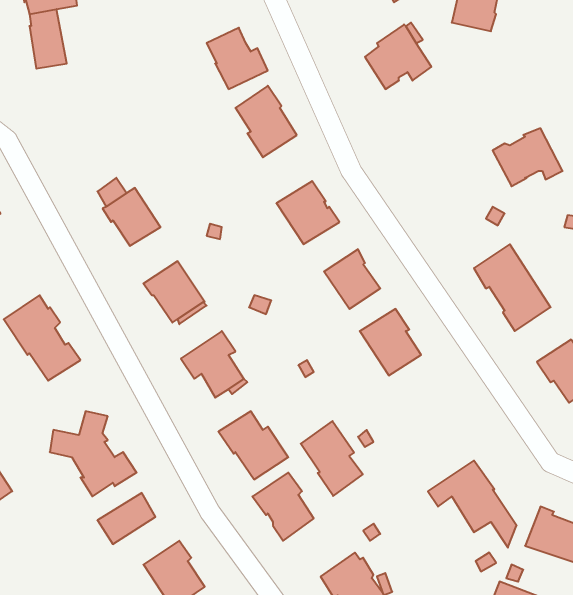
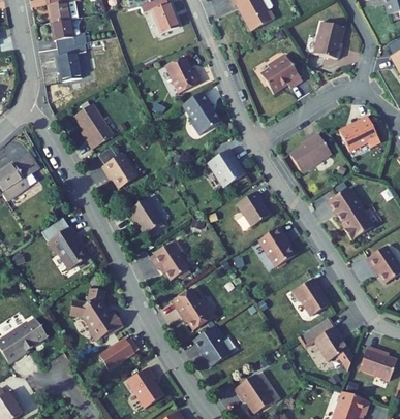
building: none -> [72,102,113,149]
building: none -> [288,132,331,172]
building: none -> [291,278,329,316]
building: [301,421,363,496] -> none

